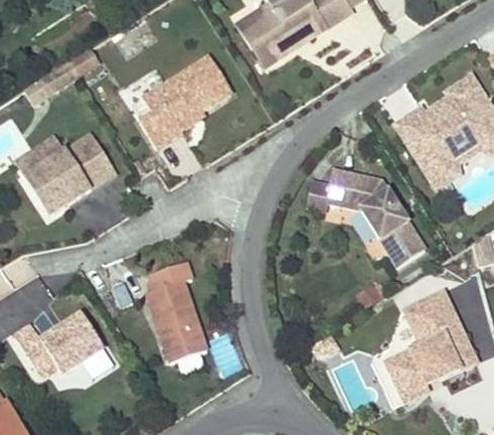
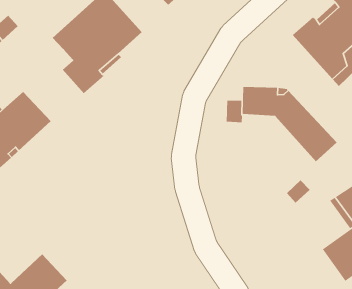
building: [147,260,210,362] -> none

